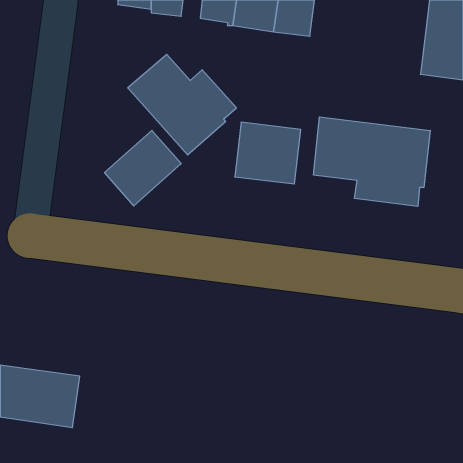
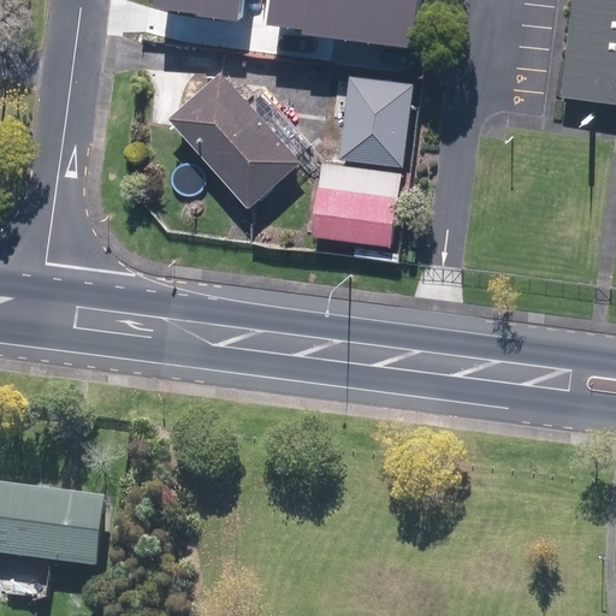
building: none -> [339,77,413,167]
building: [314,117,430,206] -> none
building: [105,130,181,206] -> none

